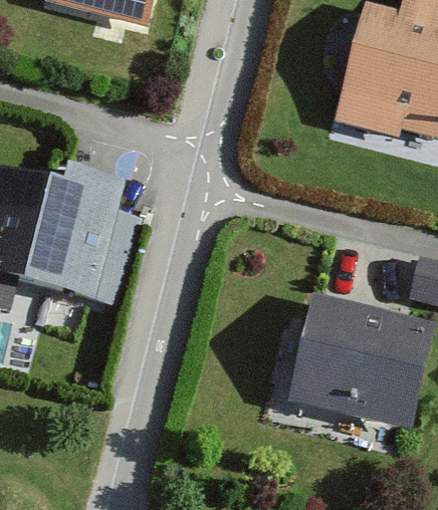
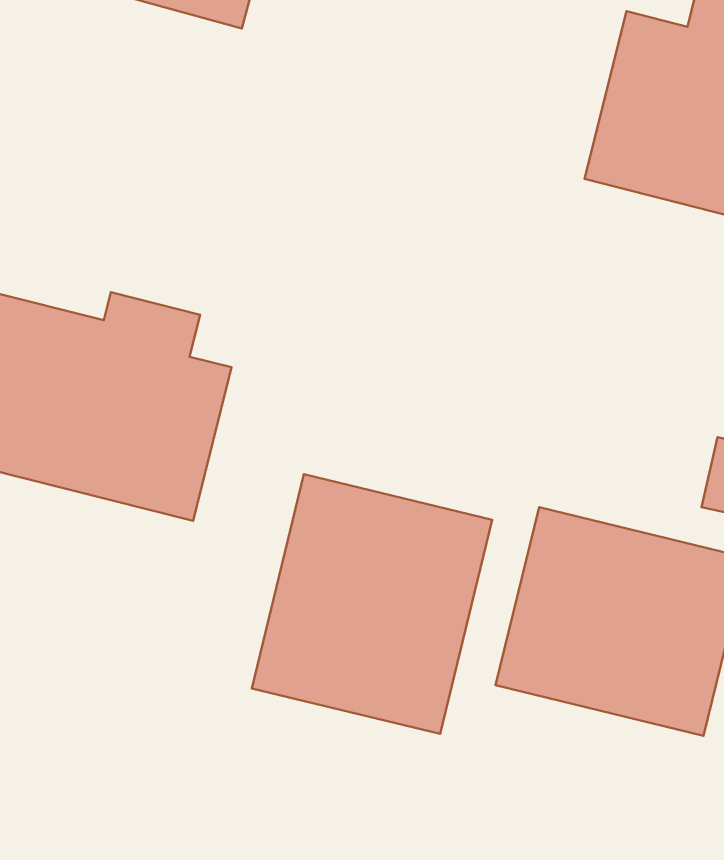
building: none -> [252,474,492,734]

